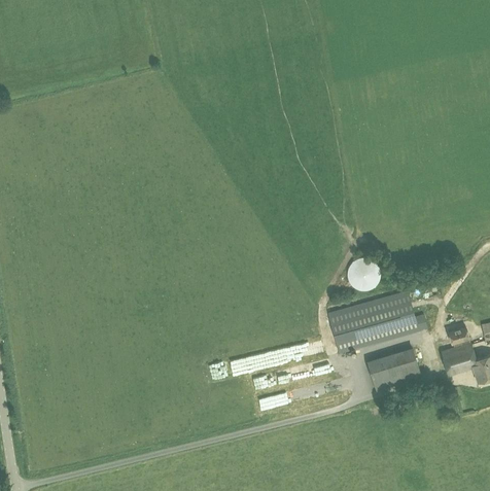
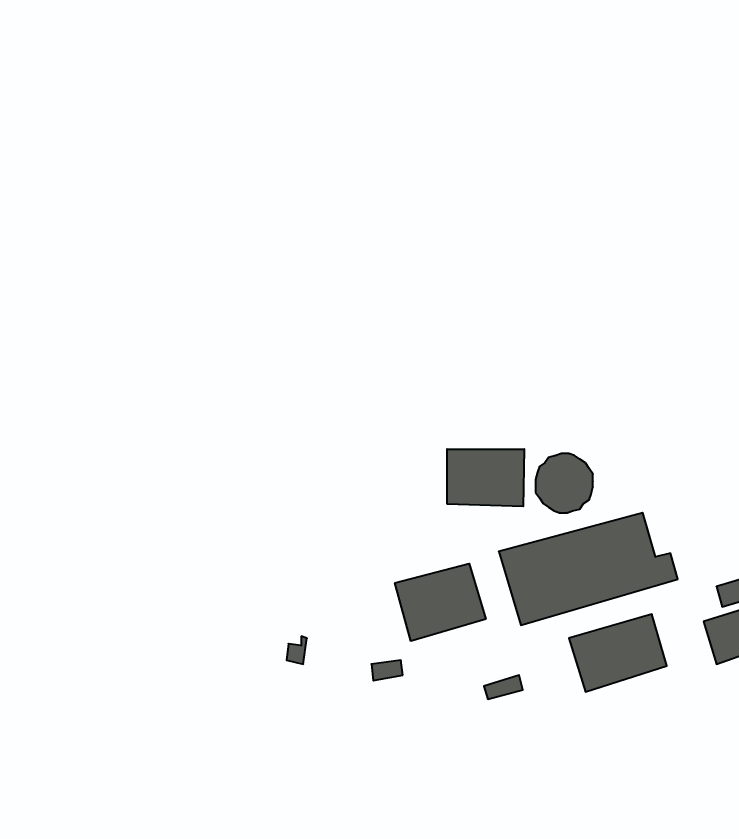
building: none -> [447,449,524,506]
building: none -> [395,564,486,641]

